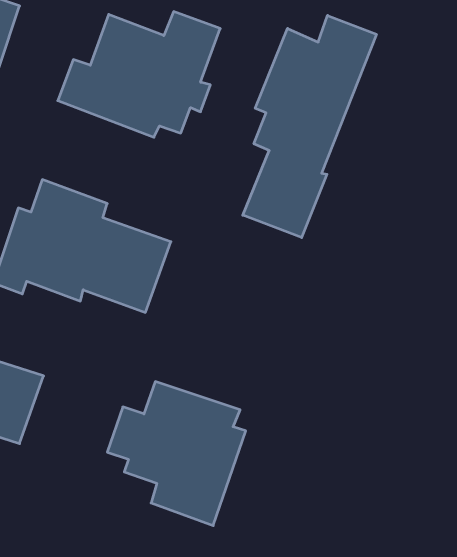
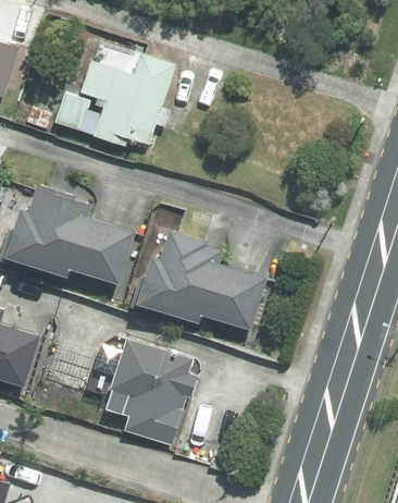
building: [243,15,376,238] -> none
building: none -> [129,225,269,330]

